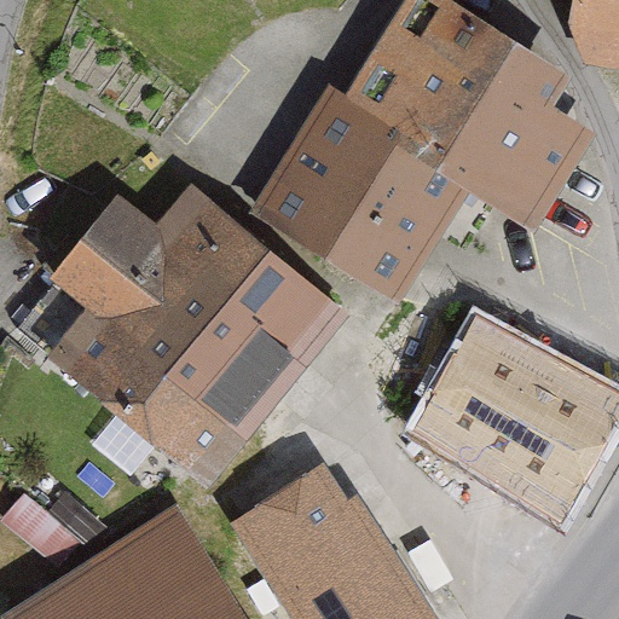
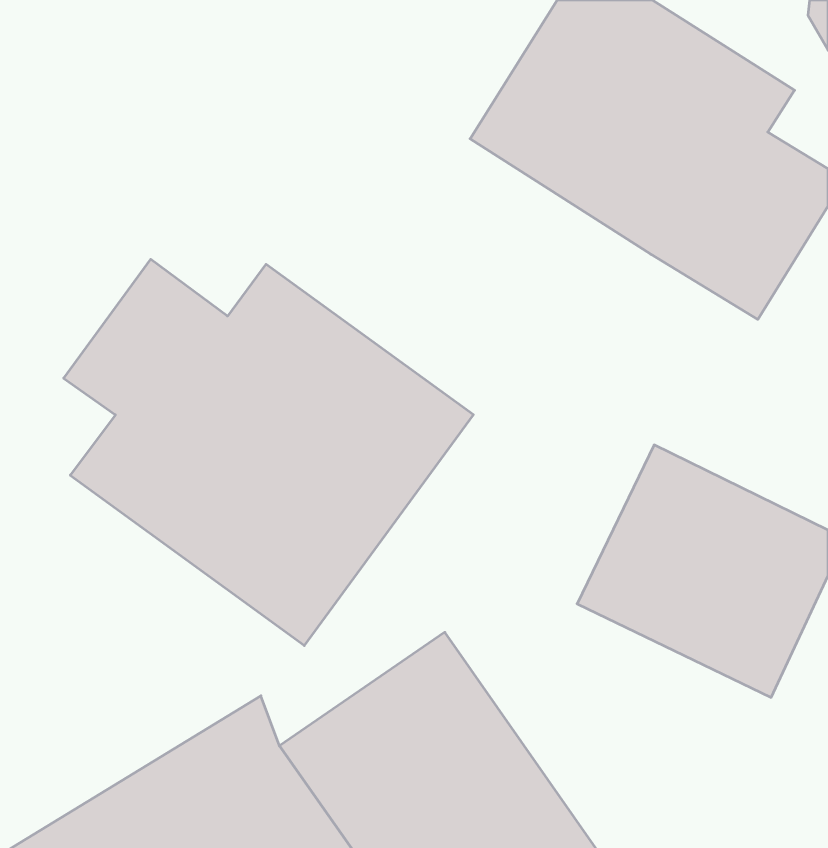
building: [255,96,470,297] -> none

